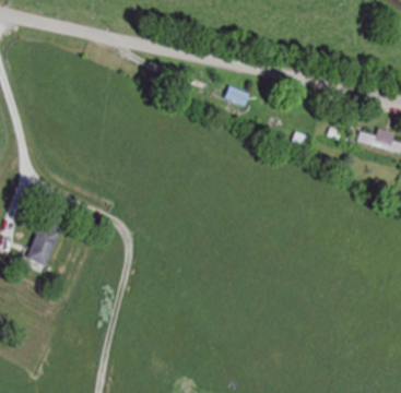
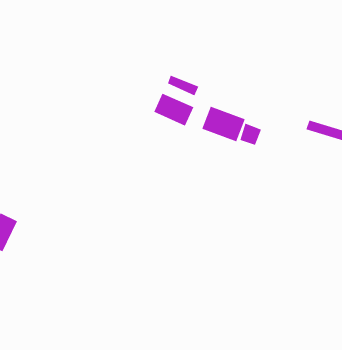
building: none -> [153,93,194,126]
building: none -> [201,106,245,142]

